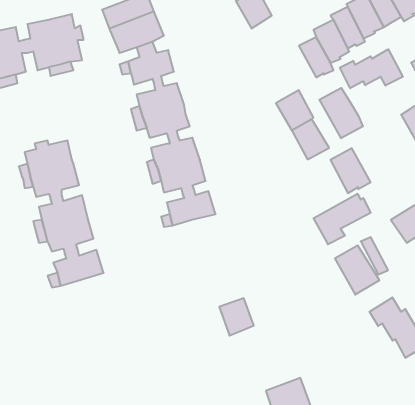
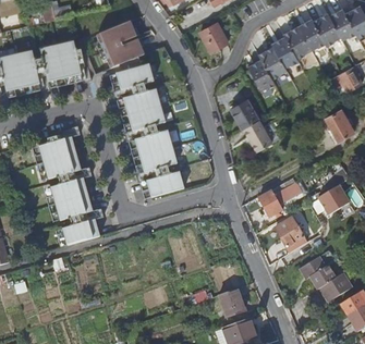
building: [340,49,403,88] -> none
building: [319,88,363,138] -> none
building: [331,148,370,193] -> none
building: [219,298,254,336] -> [218,288,244,317]

